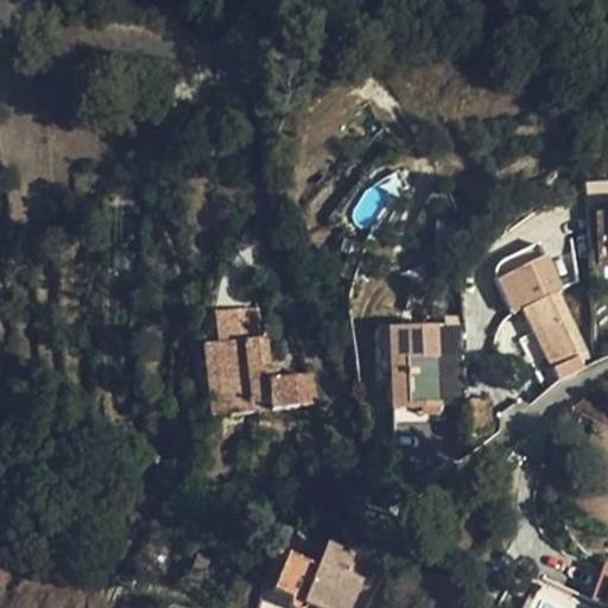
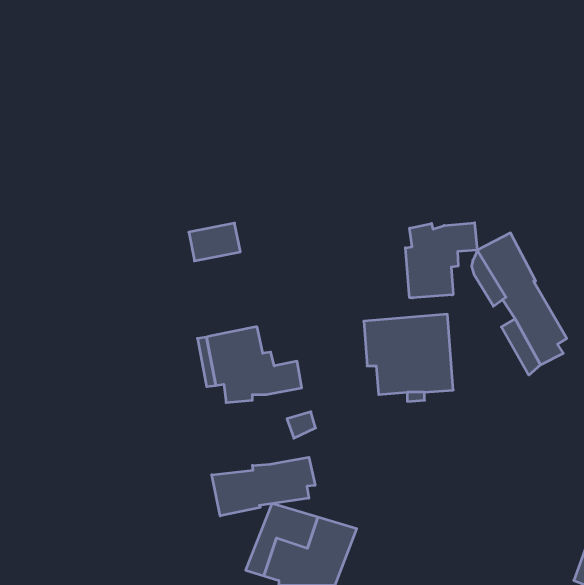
building: none -> [405,223,477,298]
building: [214,309,267,348] -> [189,223,240,261]
building: none -> [212,457,315,516]

